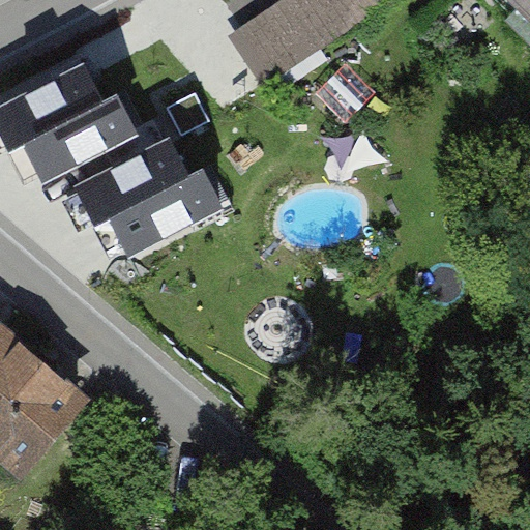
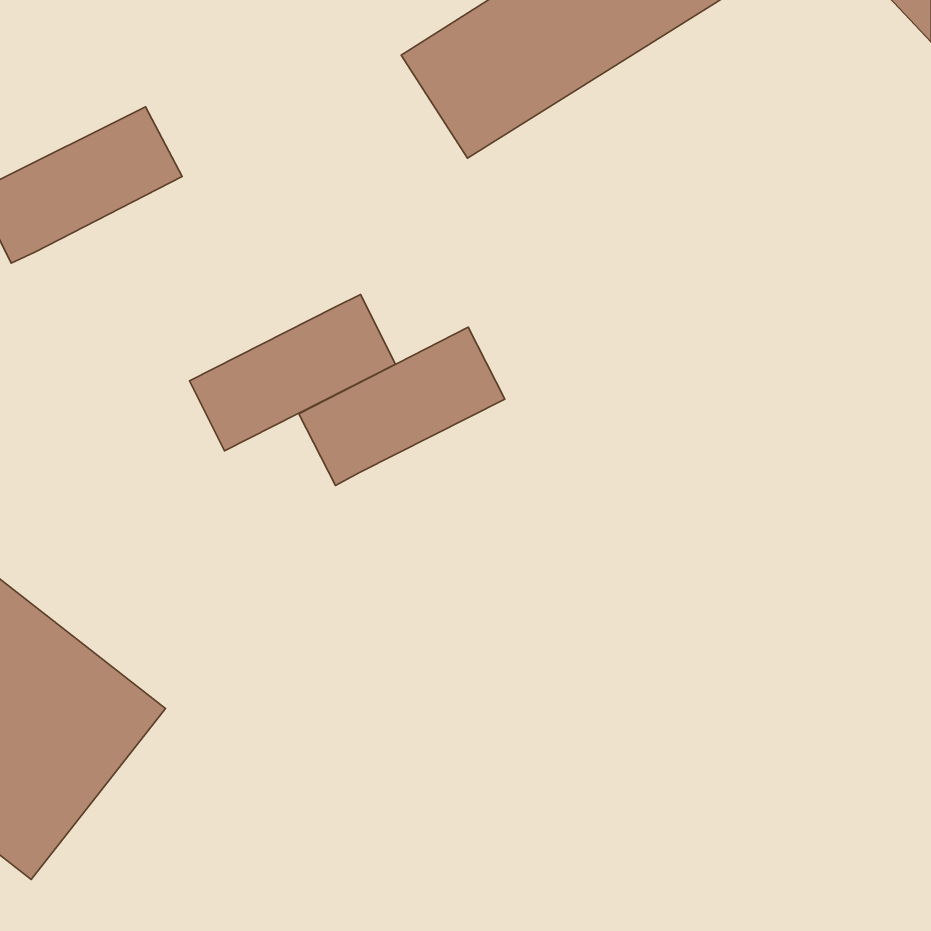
building: [20,93,136,181] -> none
building: [72,132,188,222] -> [299,327,505,486]

